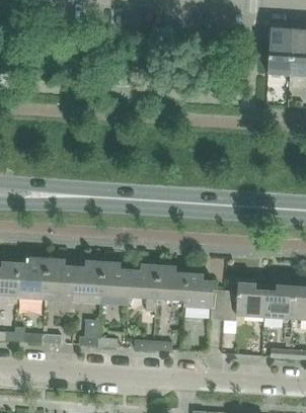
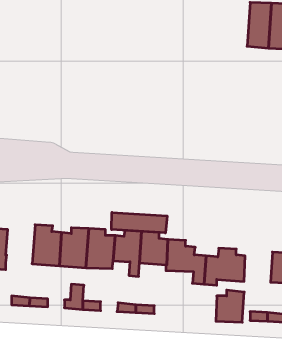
building: none -> [112,212,167,233]
building: [17,257,48,299] -> none
building: [264,284,294,318] -> [216,290,244,322]

